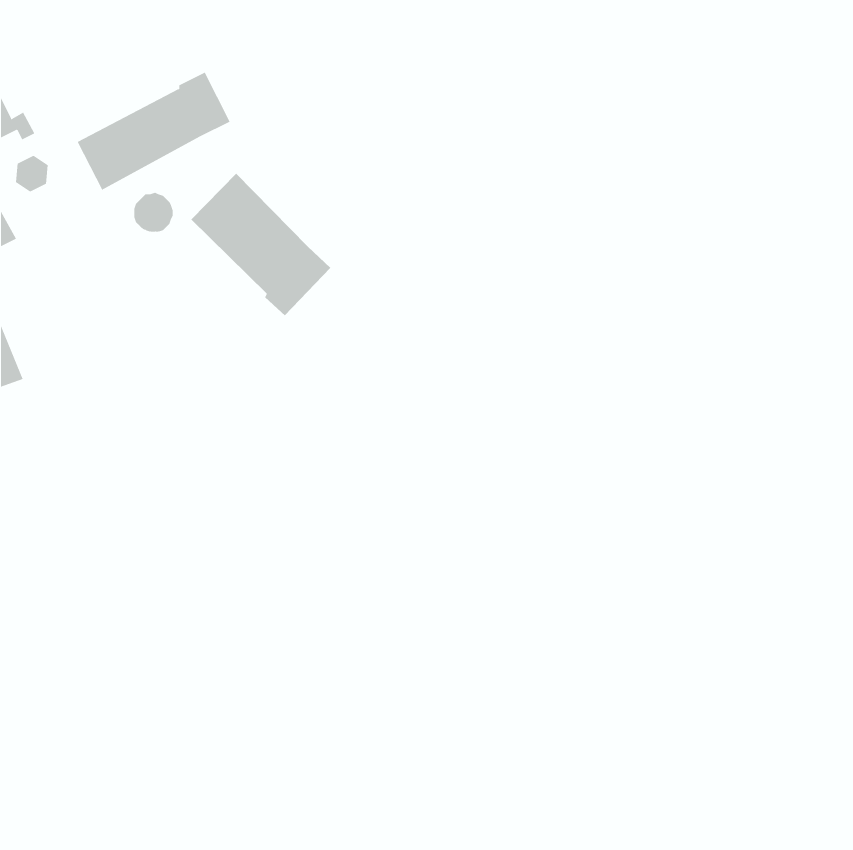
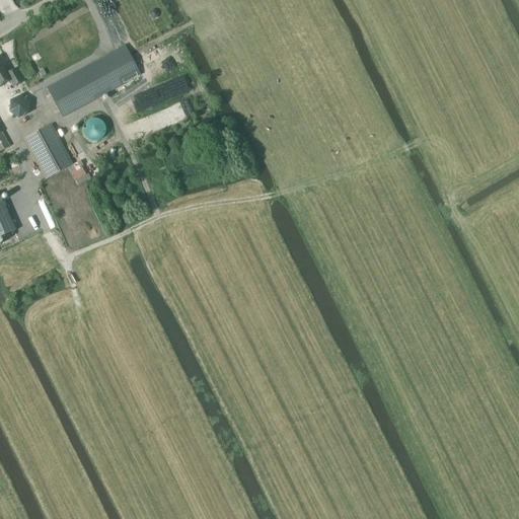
building: [190,173,331,316] -> none
building: none -> [24,123,73,177]

